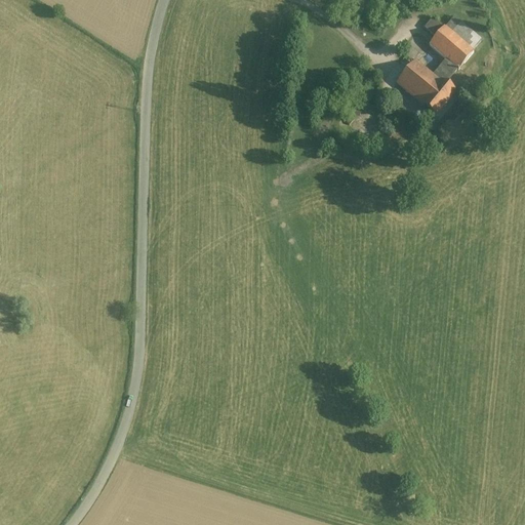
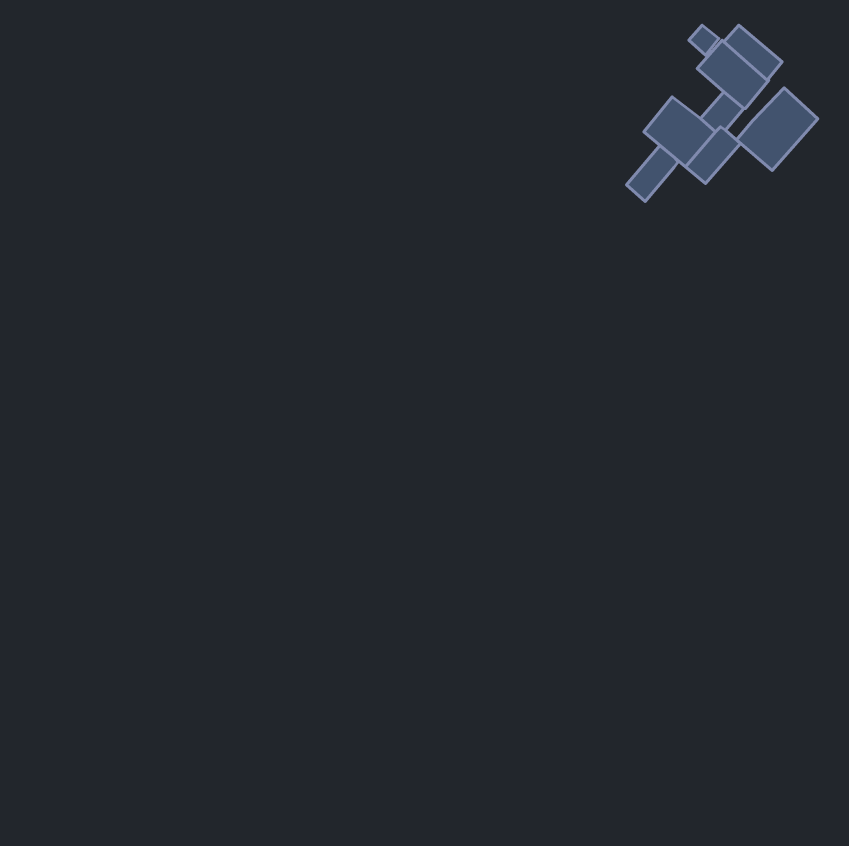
building: none -> [737,88,818,171]
building: none -> [626,145,678,201]

